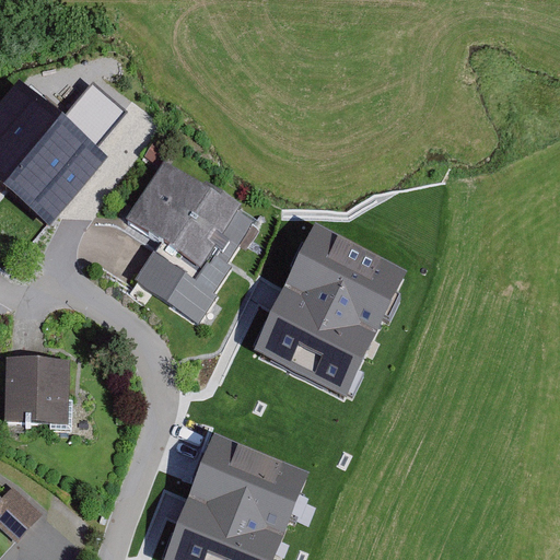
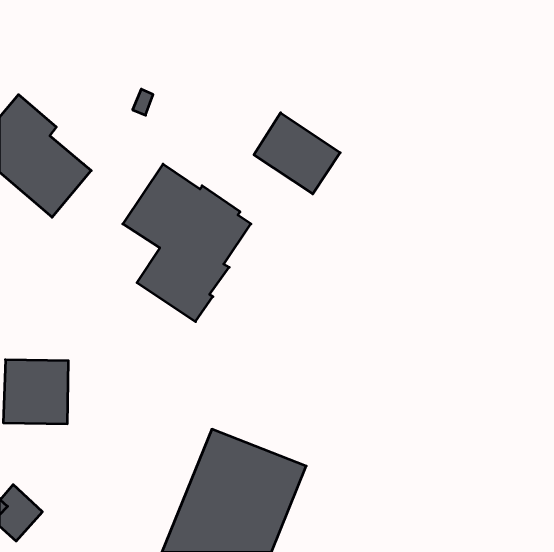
building: [50,85,128,165] -> none
building: none -> [254,113,340,194]
building: [253,223,407,394] -> none

